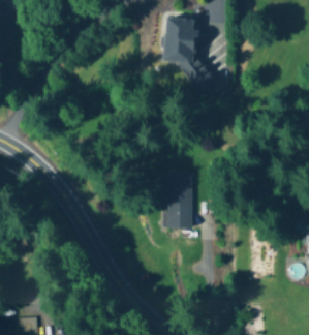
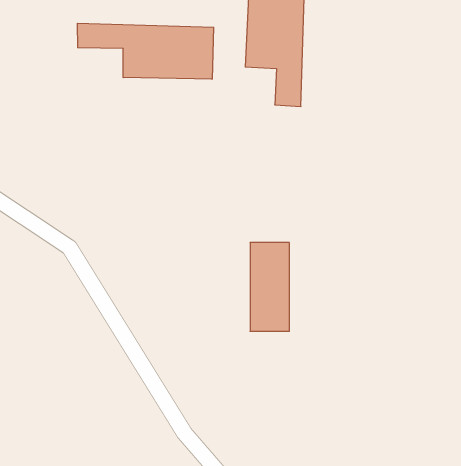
building: none -> [77,23,214,79]

